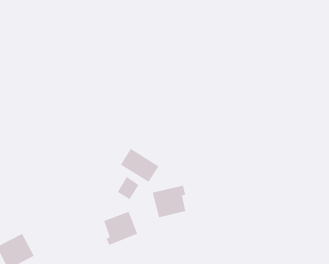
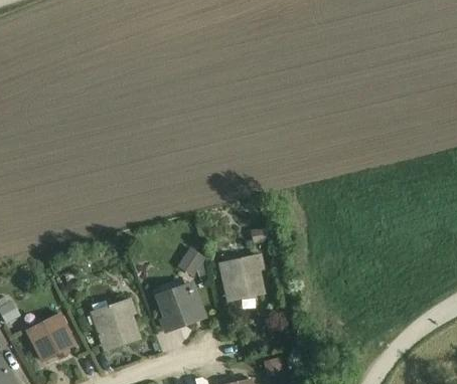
building: [120,148,160,183] -> none
building: none -> [92,301,136,345]

